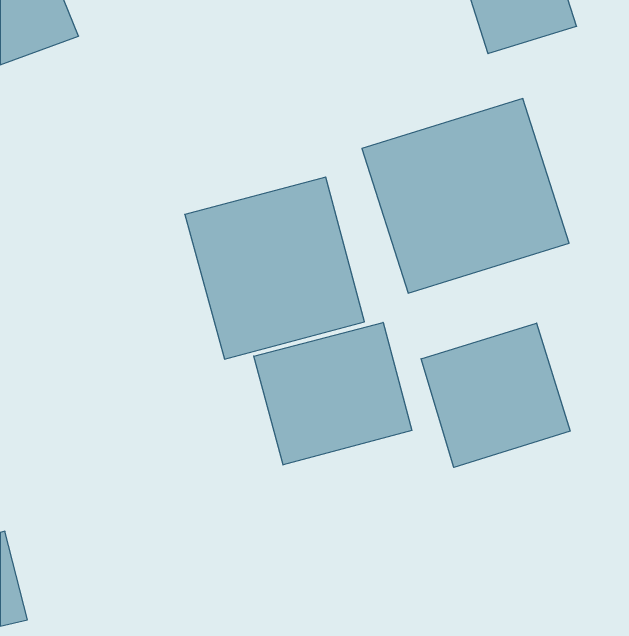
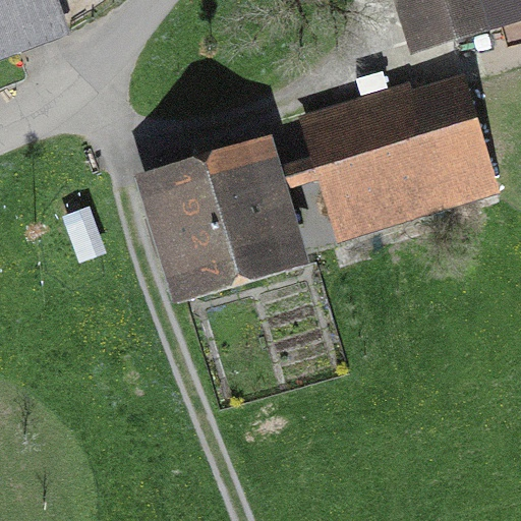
building: [254,322,412,465] -> none
building: [421,323,570,467] -> none

